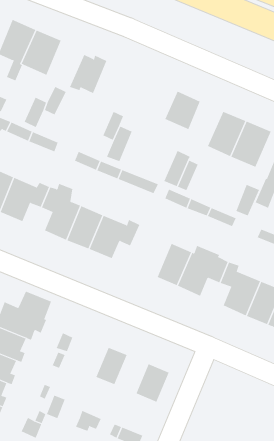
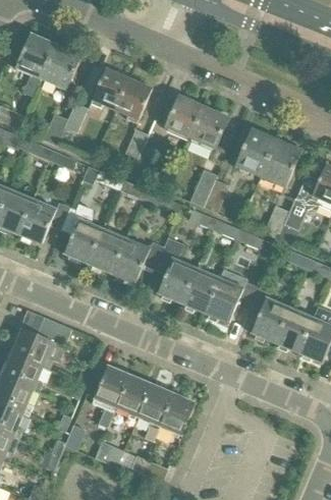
building: none -> [115,75,152,123]
building: none -> [165,97,203,136]
building: none -> [154,238,197,302]
building: none -> [93,367,130,428]
building: none -> [137,384,172,442]

